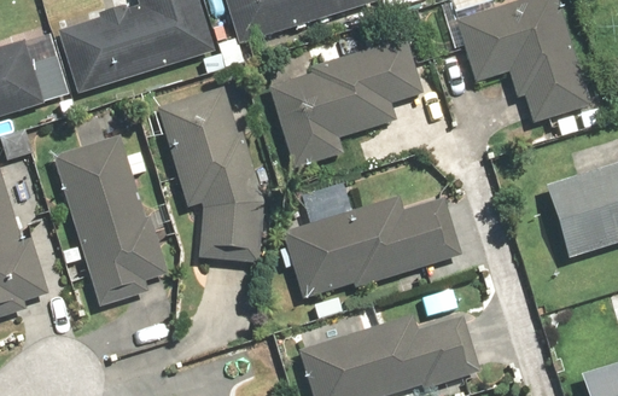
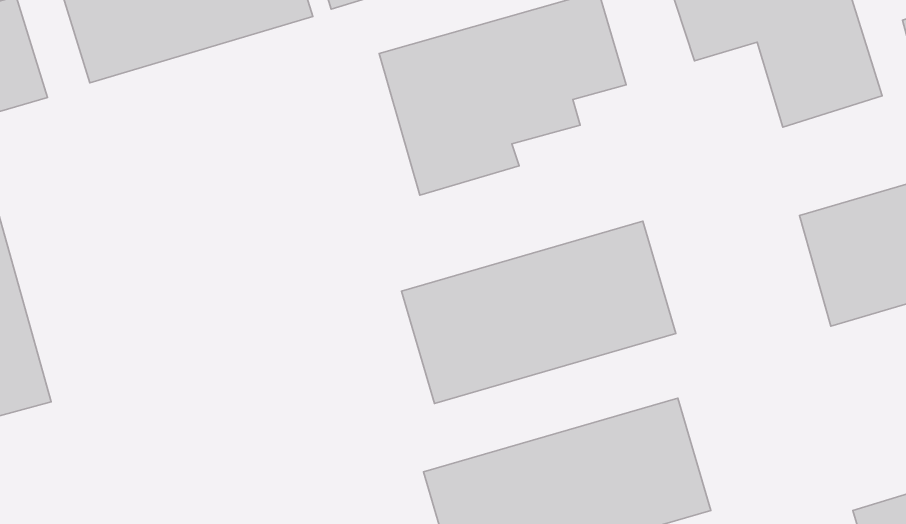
building: [152,77,264,263] -> none
building: [52,130,170,304] -> none

